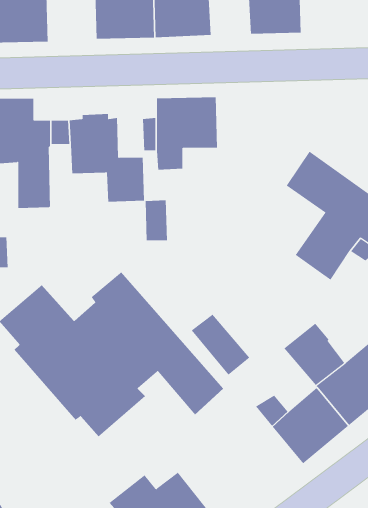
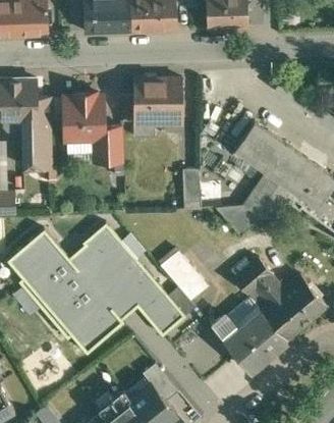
building: [145,200,168,241] -> [182,169,201,202]
building: none -> [215,205,262,236]

